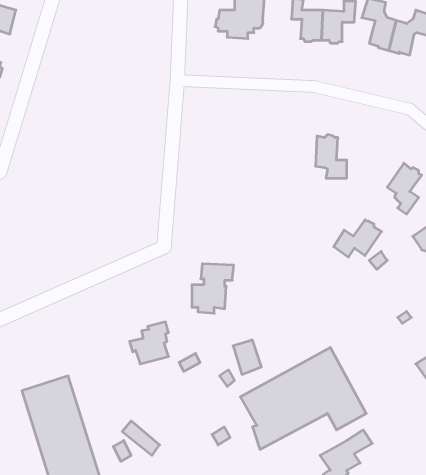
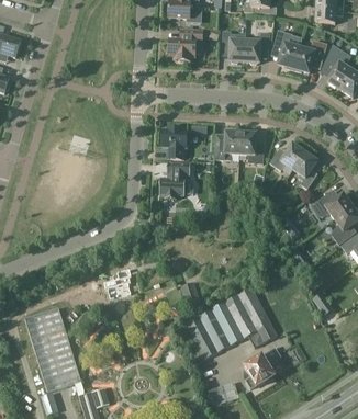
building: none -> [161,127,186,158]
building: none -> [214,129,240,159]
building: [334,220,382,257] -> [269,143,304,170]
building: [192,264,234,313] -> [159,162,190,199]

